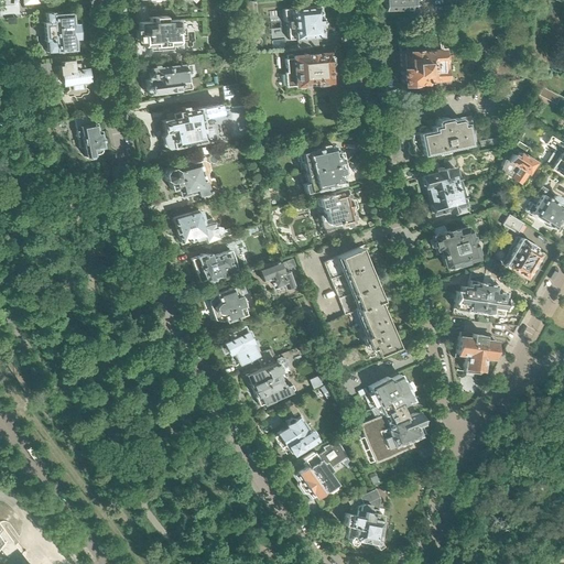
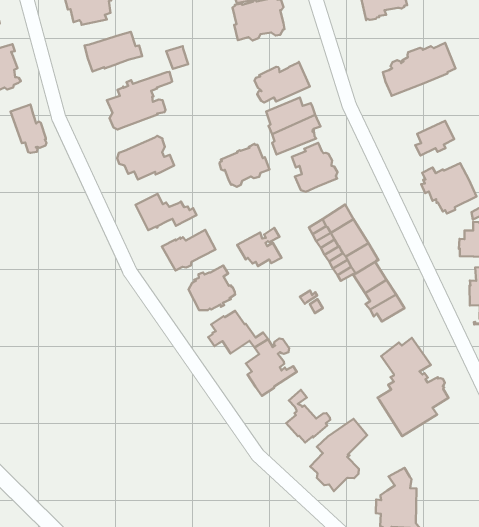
building: none -> [255,62,310,103]
building: [424,156,462,197] -> none
building: none -> [219,144,270,187]

